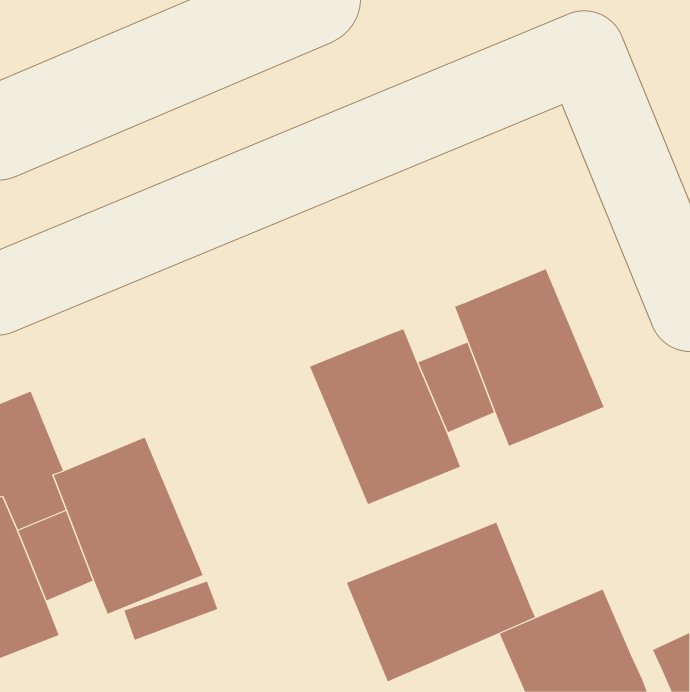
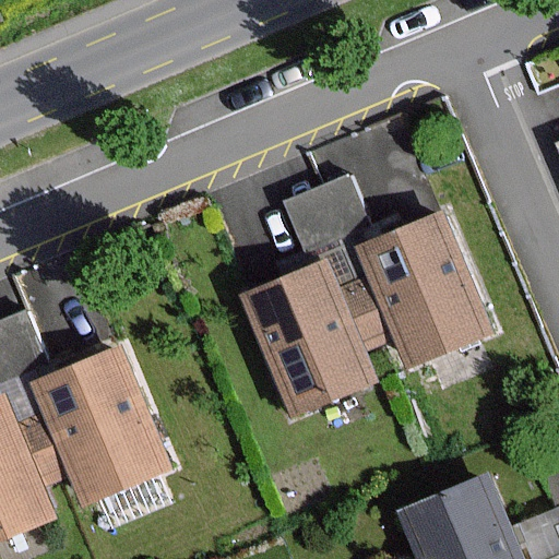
building: none -> [290,179,377,292]
building: [346,522,536,682] -> none

